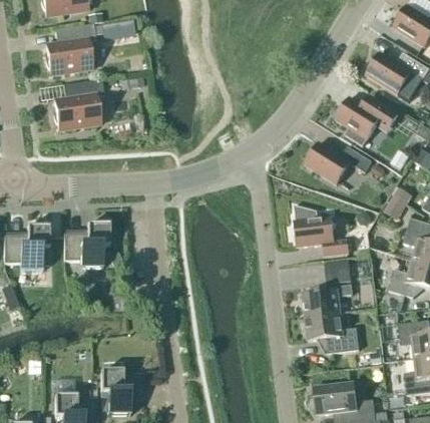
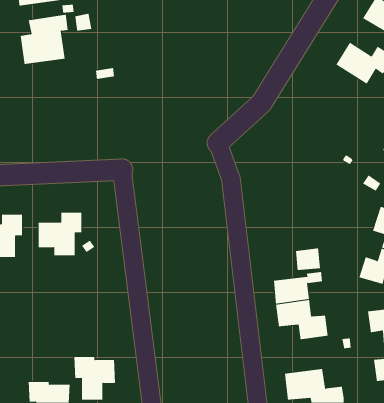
building: [54,79,103,129] -> none
building: [336,94,399,144] -> none
building: [305,141,372,183] -> none
building: [294,204,349,256] -> none

